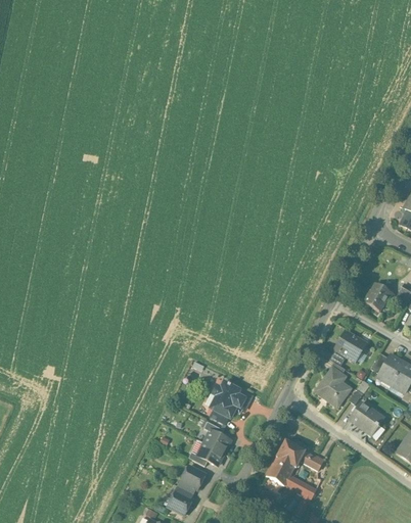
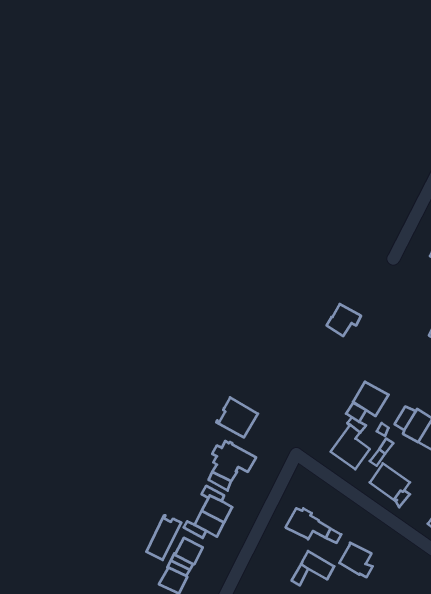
building: [364,282,394,310] -> [327,304,361,336]
building: none -> [216,397,258,437]
building: none -> [146,515,181,560]
building: [267,456,295,485] -> [339,543,373,577]

